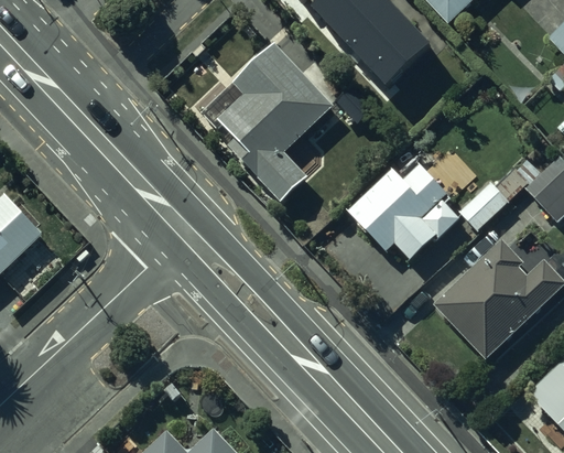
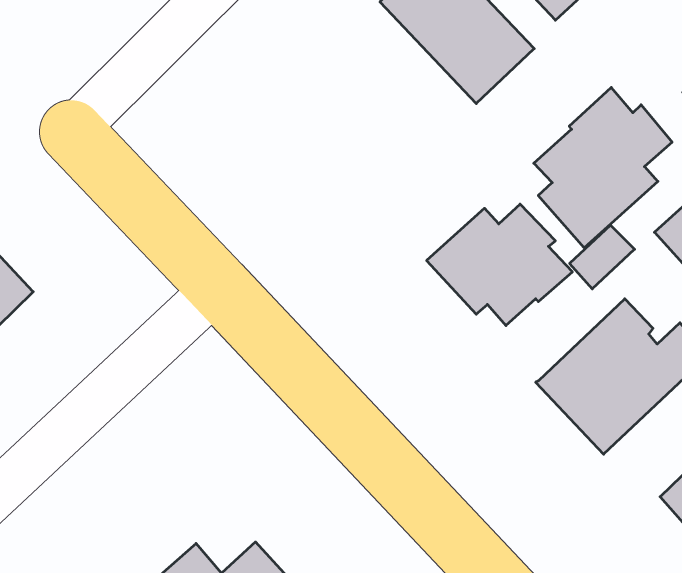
building: [194,43,347,201] -> none
building: none -> [534,87,672,248]

